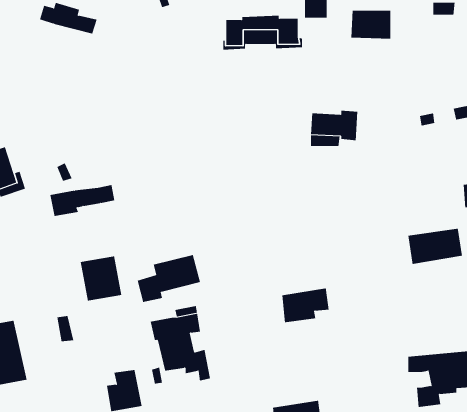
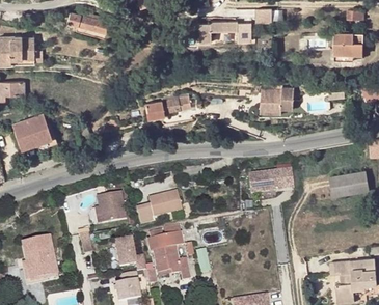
building: [350,10,391,39] -> [333,34,362,55]
building: [50,184,115,217] -> [143,98,190,120]
building: [281,288,329,323] -> [256,172,291,197]
building: none -> [114,239,135,267]

